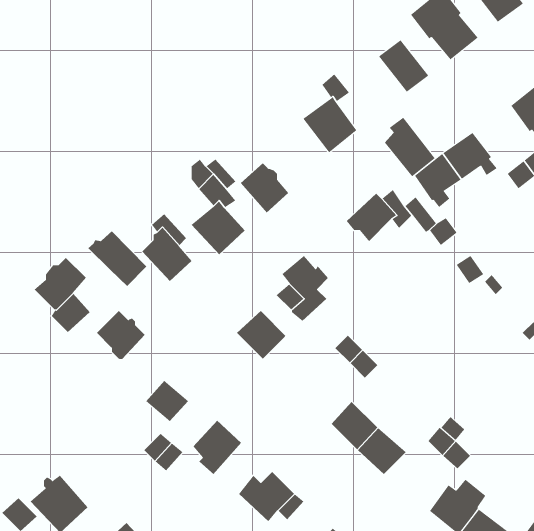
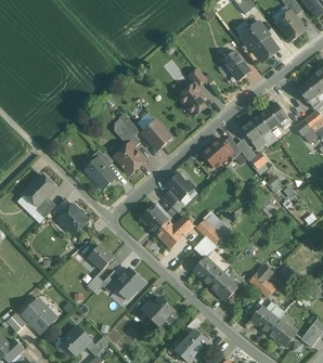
building: [384,117,436,177] -> none
building: [88,231,147,287] -> none
building: none -> [155,216,193,248]

